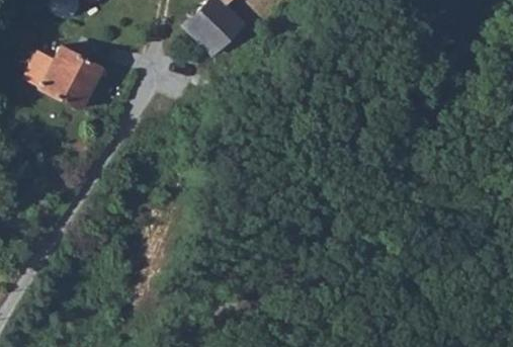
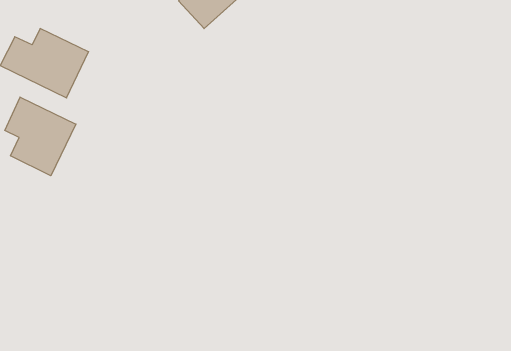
building: none -> [5,97,76,176]

